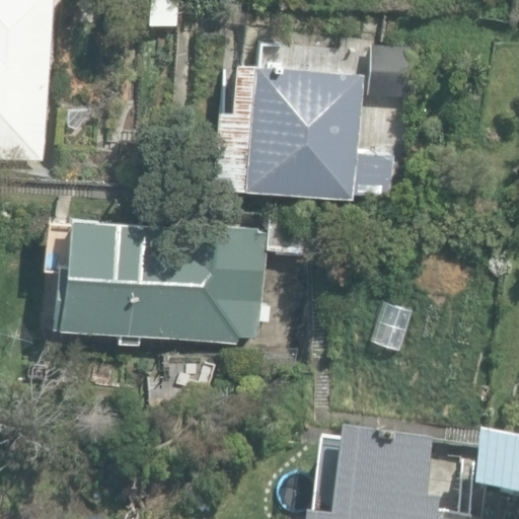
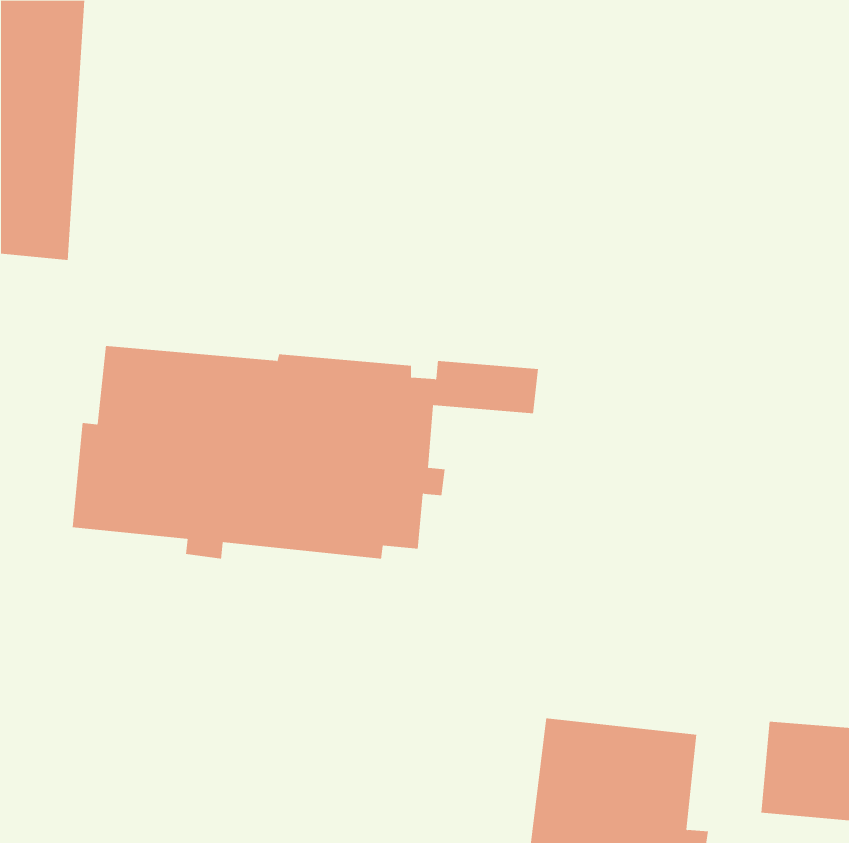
building: [209,65,392,200] -> none

